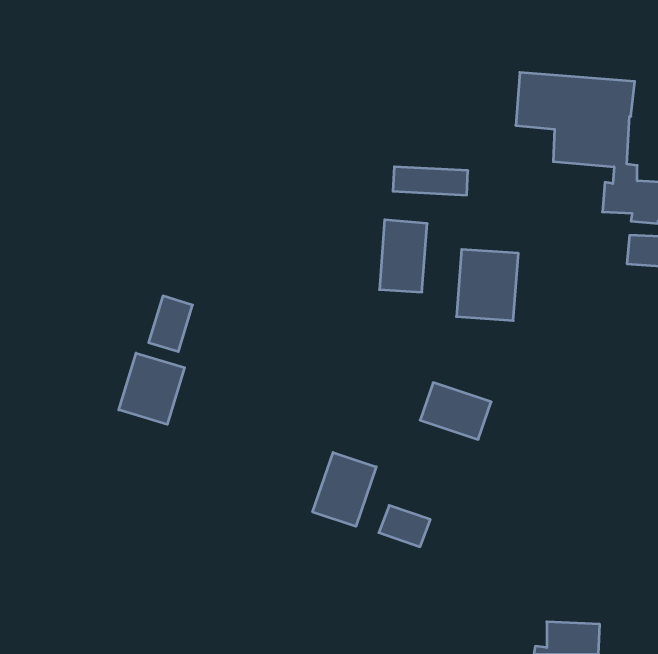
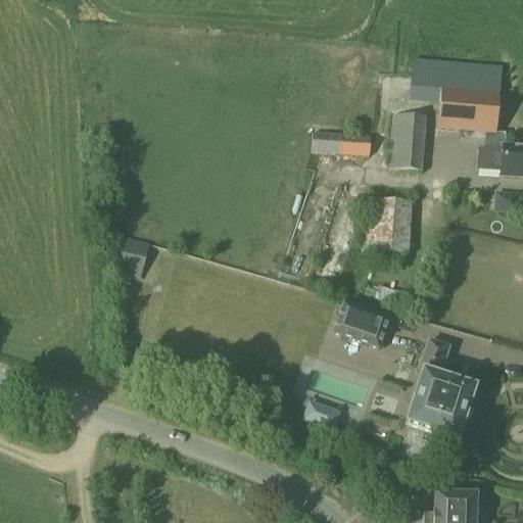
building: [379,220,427,292] -> [389,112,427,170]
building: [119,353,185,424] -> none
building: none -> [406,338,476,455]
building: [313,452,376,526] -> none

